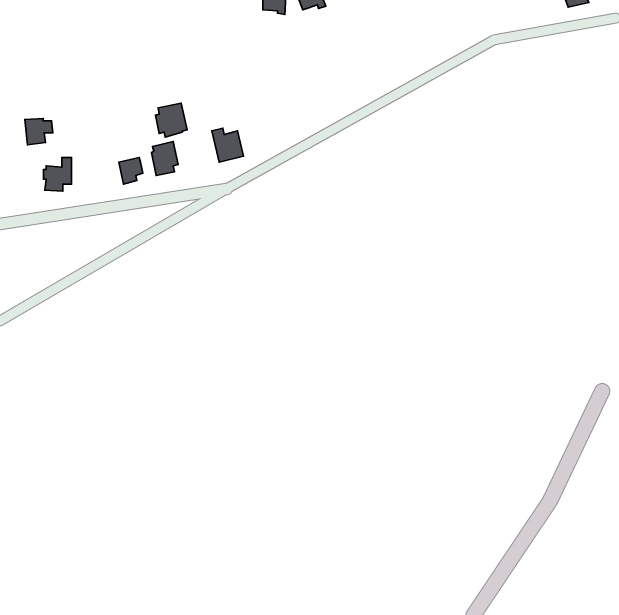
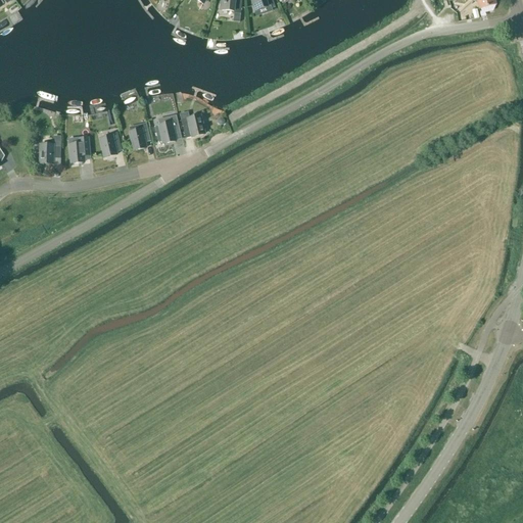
building: [156,103,187,137] -> [154,113,181,142]
building: [25,118,53,145] -> [67,139,91,161]

